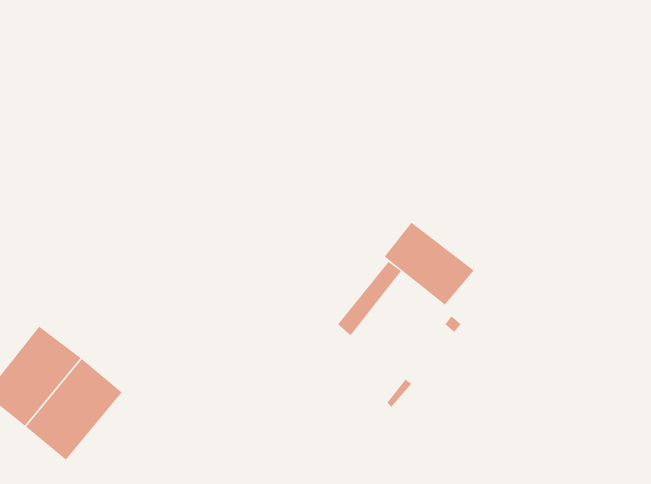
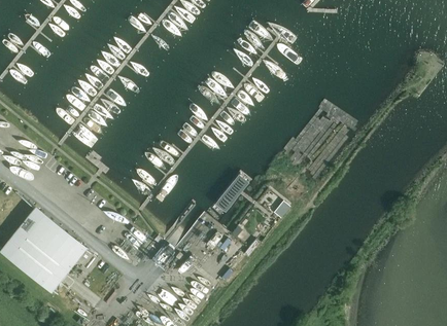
building: [384,222,474,305] -> none

